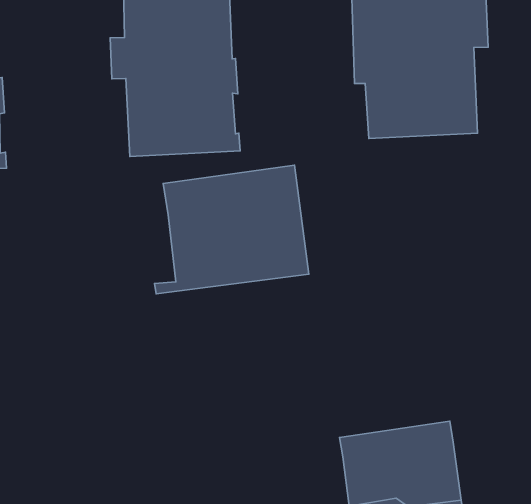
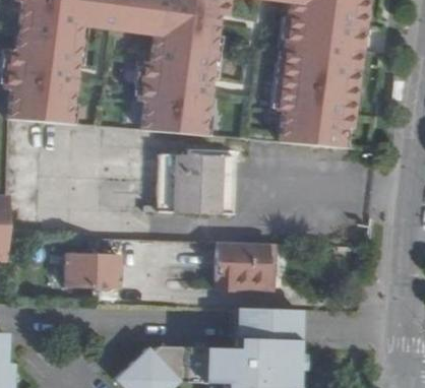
building: none -> [217,243,268,293]
building: none -> [64,251,122,287]

